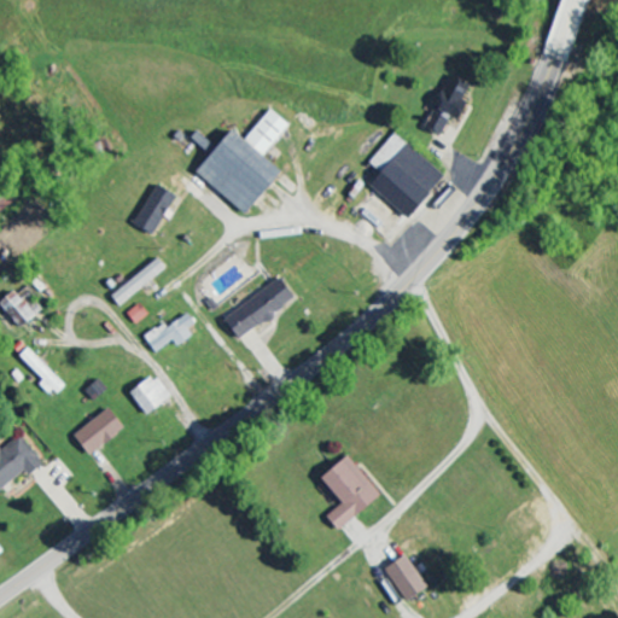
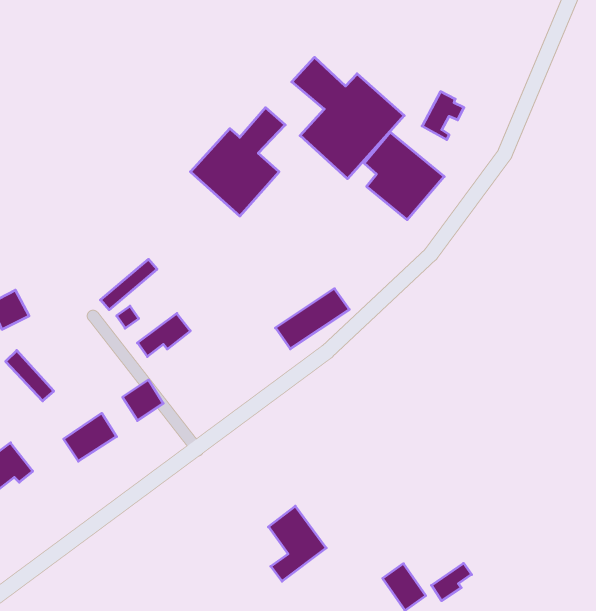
building: none -> [292,57,404,179]
building: [132,181,176,233] -> none
building: [223,278,296,337] -> [275,289,349,349]
building: [323,455,380,529] -> [268,506,326,581]
building: none -> [431,563,472,601]

